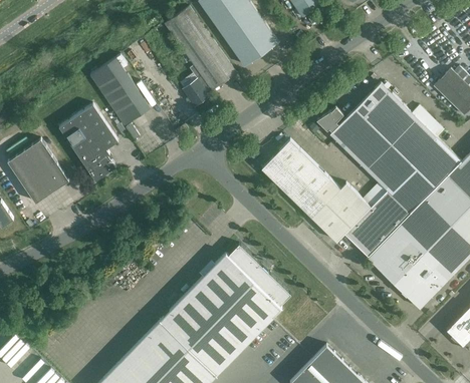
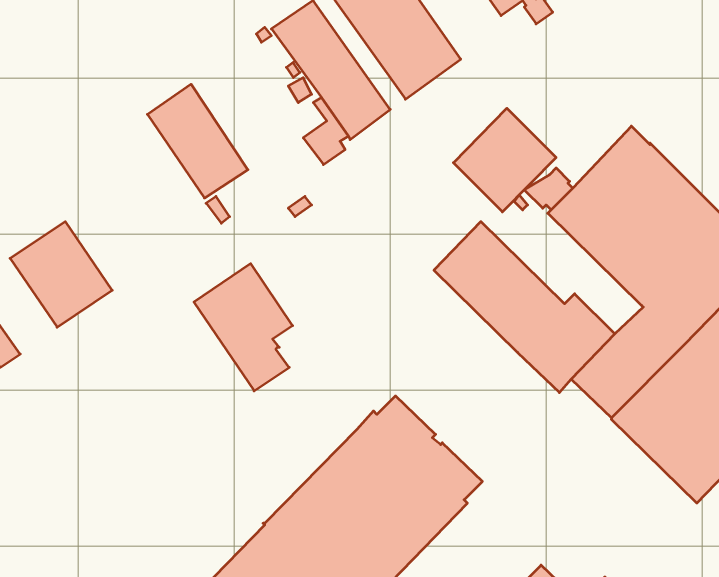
building: none -> [453,108,556,212]
building: [58,104,118,180] -> [194,264,293,391]

